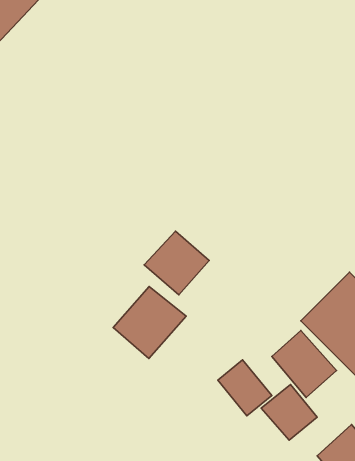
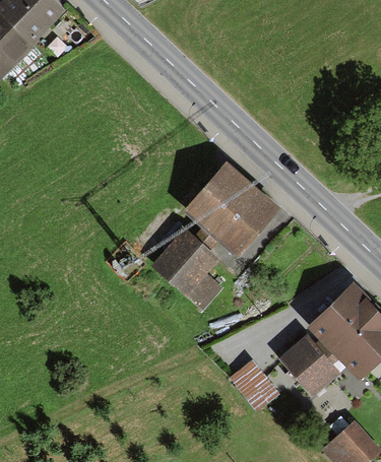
building: none -> [188,170,277,258]
building: [113,286,186,359] -> none
building: [261,384,317,440] -> none

